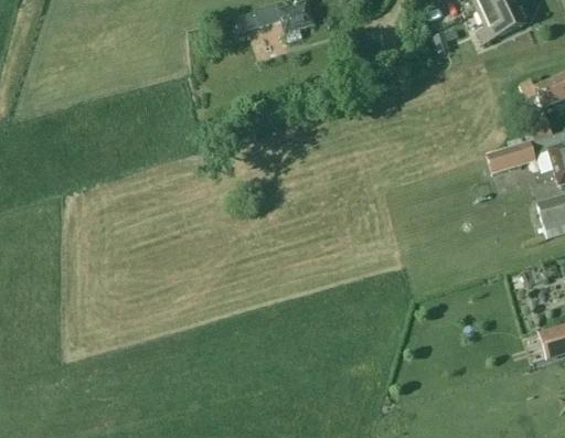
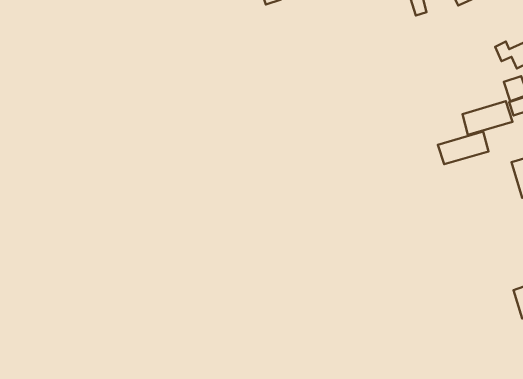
building: none -> [438,132,489,164]

